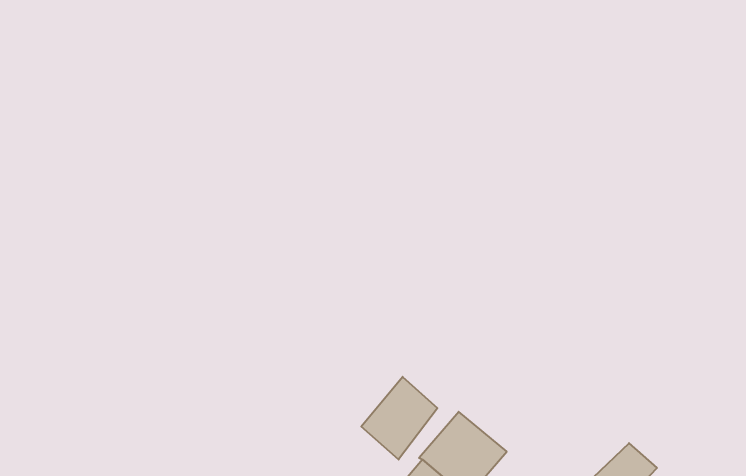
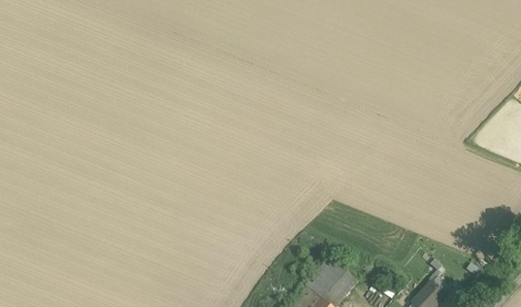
building: [361,377,437,460] -> none

